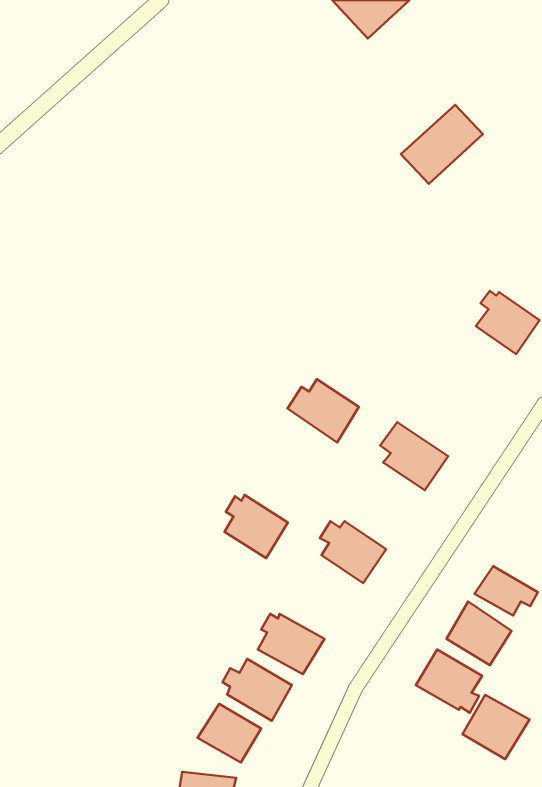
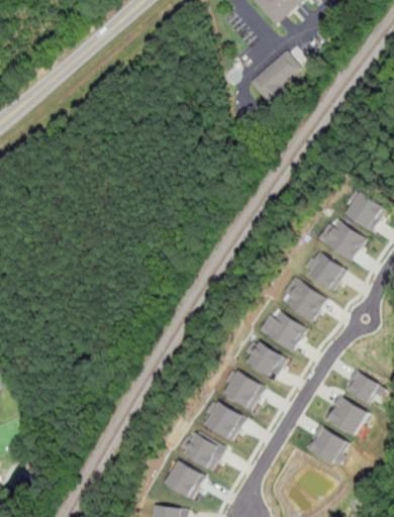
building: [401,105,483,184] -> [250,50,303,102]
building: none -> [318,220,366,261]
building: [288,379,359,442] -> [260,310,306,351]
building: none -> [305,251,348,292]
building: [224,495,288,558] -> [224,370,266,411]
building: [462,695,530,759] -> none

